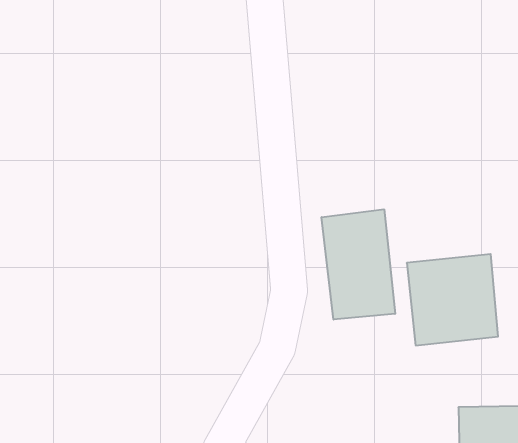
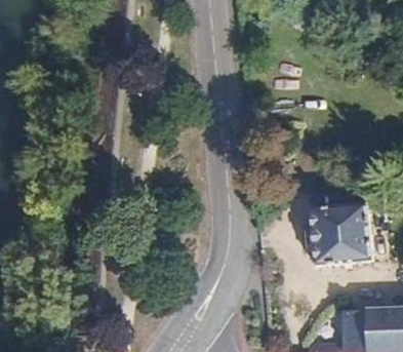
building: [322,209,395,320] -> none

